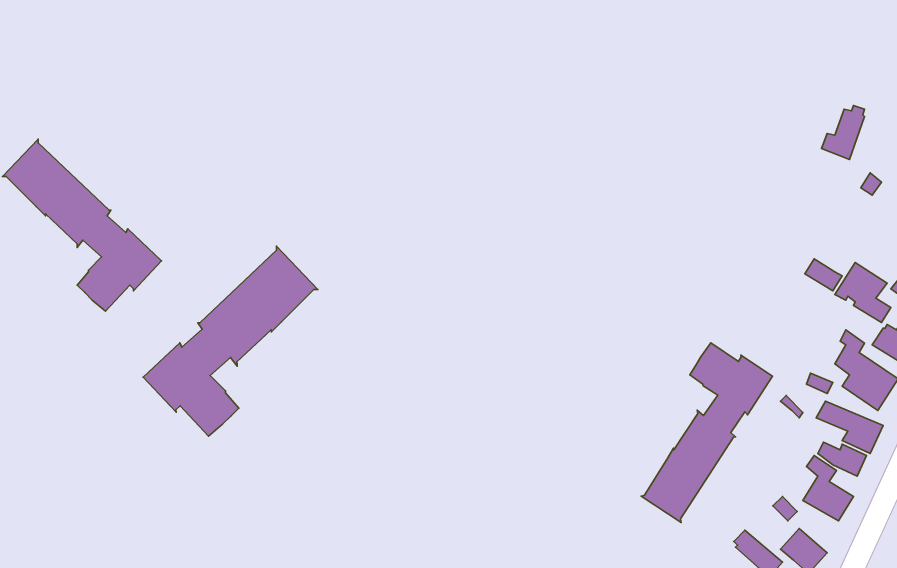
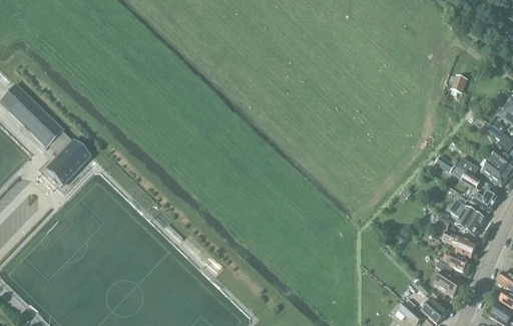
building: [143,246,318,436] -> none
building: [641,343,773,522] -> none

